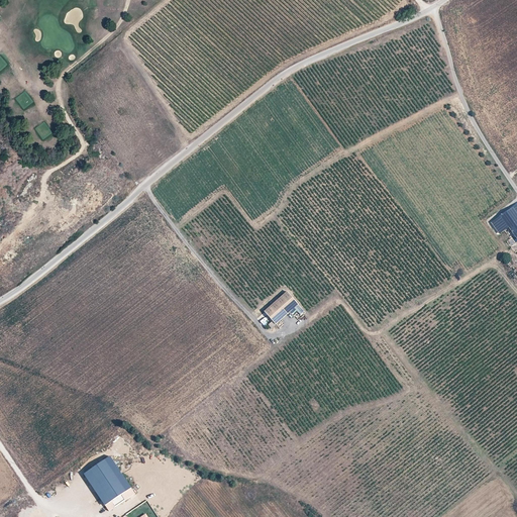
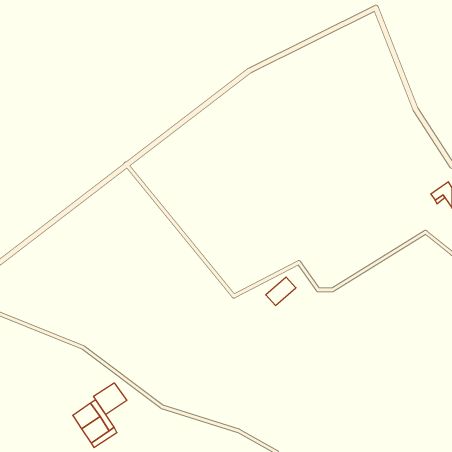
building: [264,291,298,323] -> [266,277,296,305]
building: none -> [94,383,127,415]

